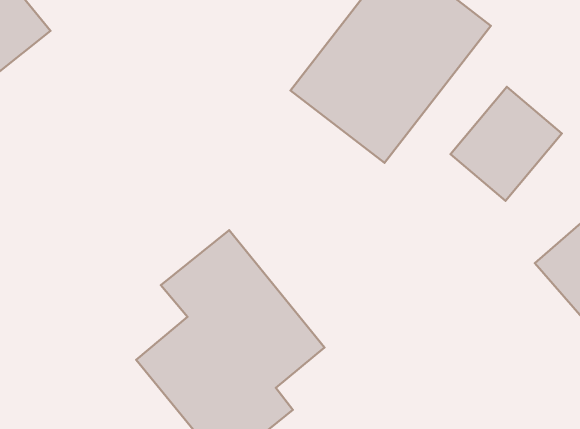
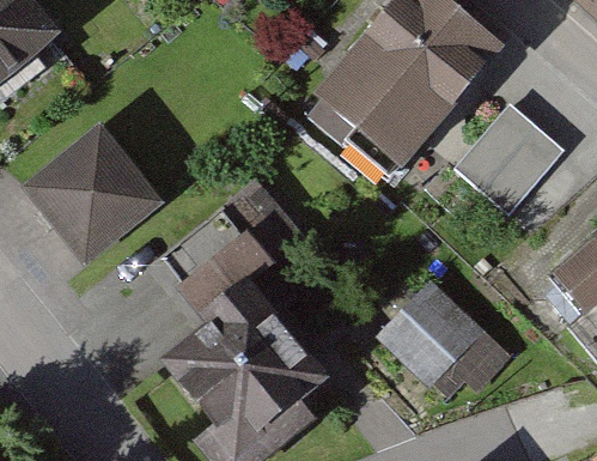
building: none -> [24,127,165,268]
building: none -> [385,280,504,396]

